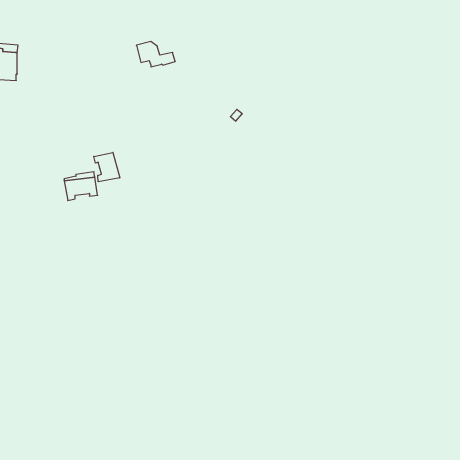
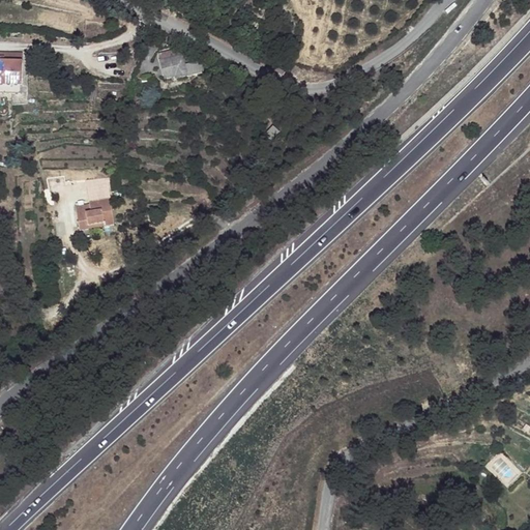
building: [94,152,120,182] -> none

